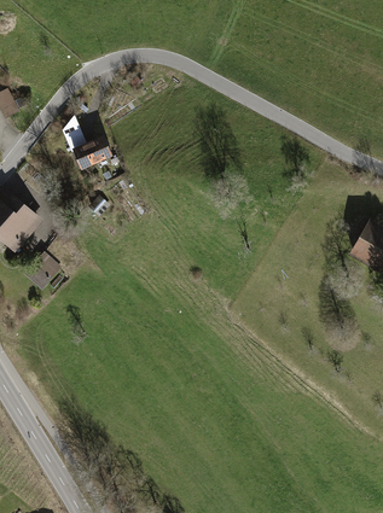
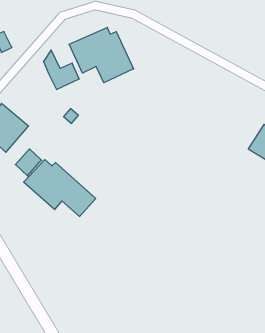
building: none -> [69,27,134,83]
building: none -> [24,160,96,217]

